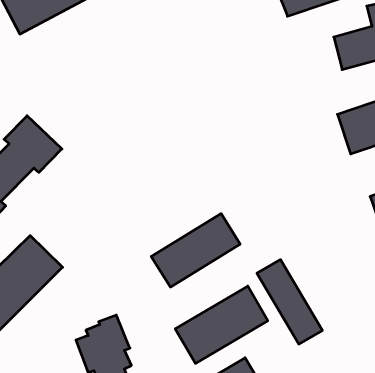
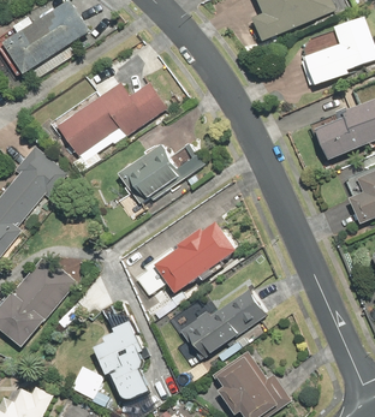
building: none -> [56,82,166,162]
building: none -> [118,144,203,207]
building: [257,260,322,344] -> none

